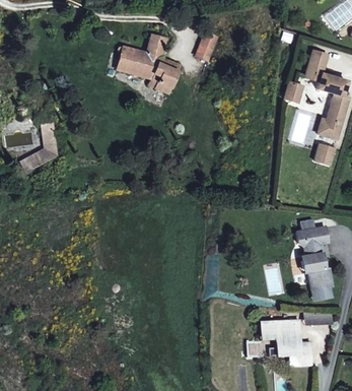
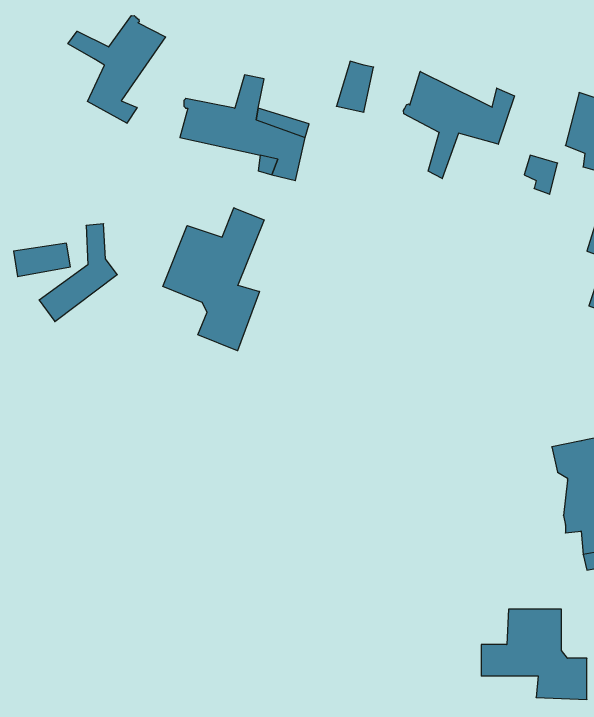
building: none -> [68,16,166,123]
building: none -> [403,71,514,179]
building: none -> [163,208,264,351]

